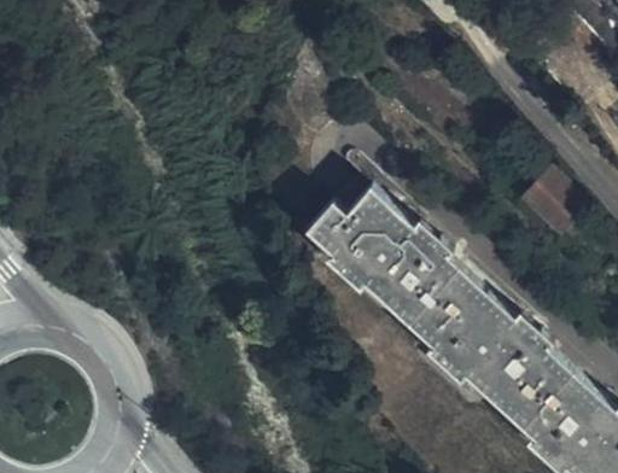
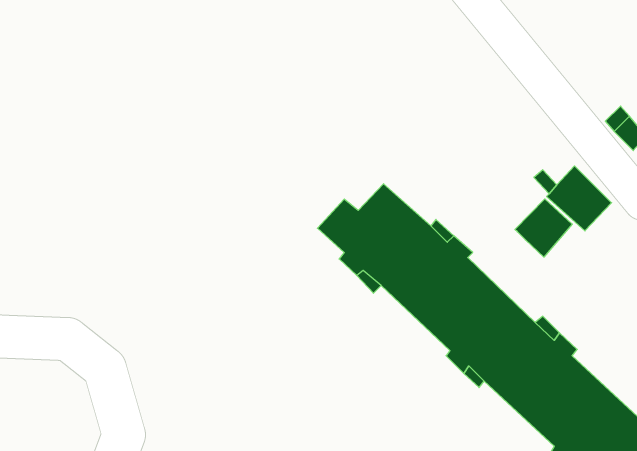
building: none -> [515,199,572,257]

